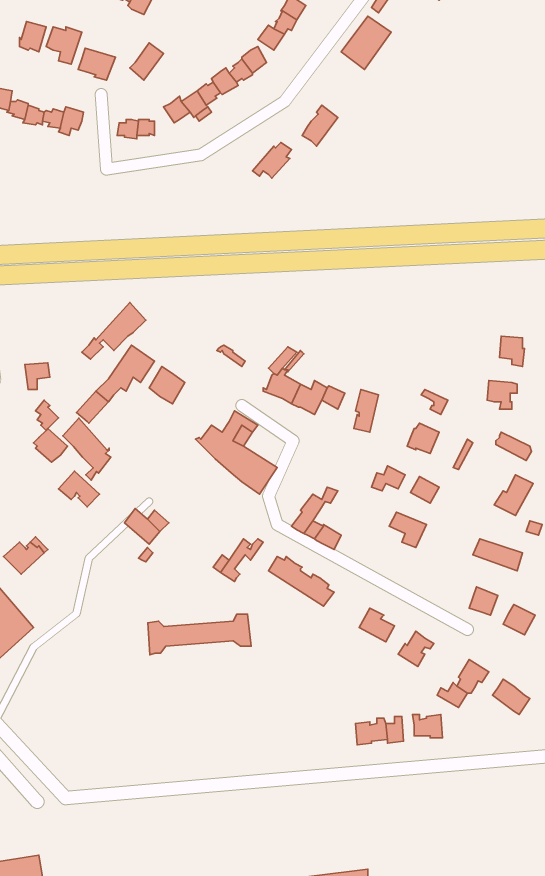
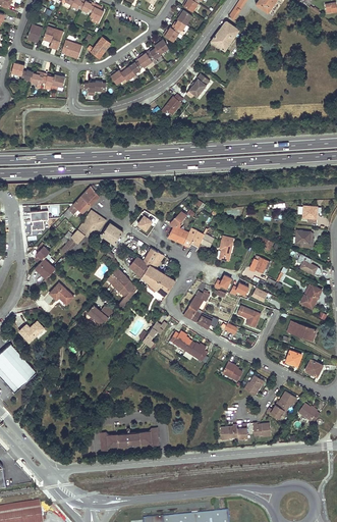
building: [63,418,111,480] -> [108,268,135,304]
building: [148,614,251,655] -> [100,427,159,451]

